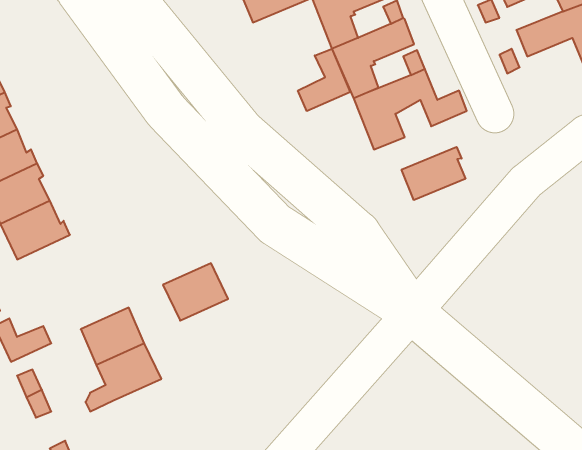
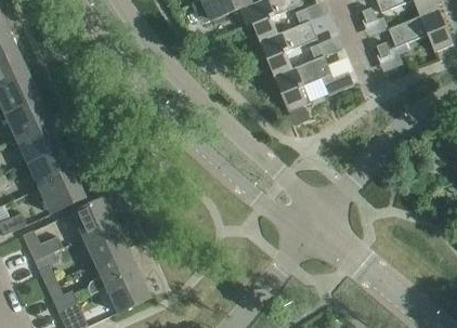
building: [298,49,350,111] -> none
building: [402,147,465,200] -> none
building: none -> [39,172,86,214]
building: [163,263,228,321] -> [71,198,117,238]
building: none -> [106,273,152,313]

